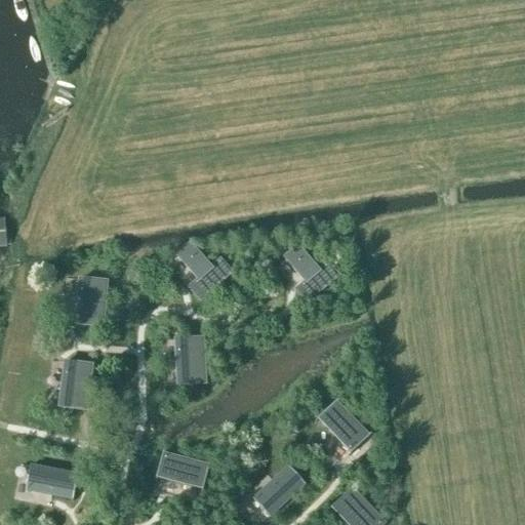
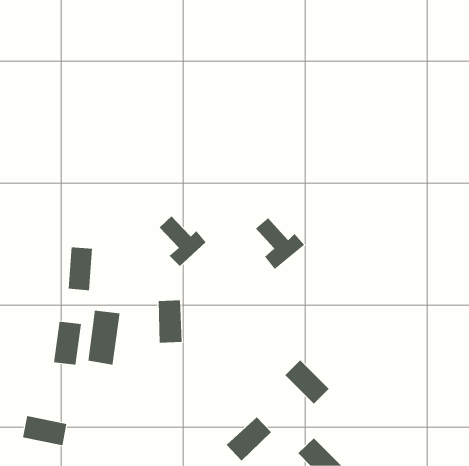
building: none -> [88,310,120,365]
building: [156,453,208,488] -> none

